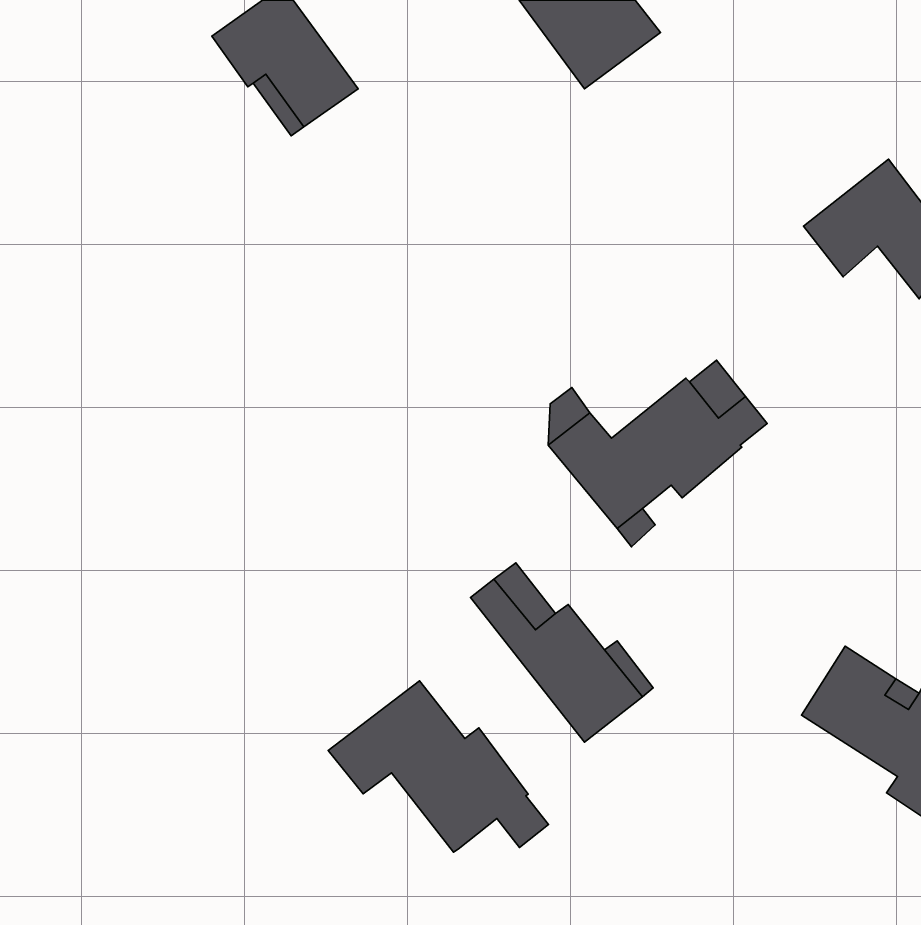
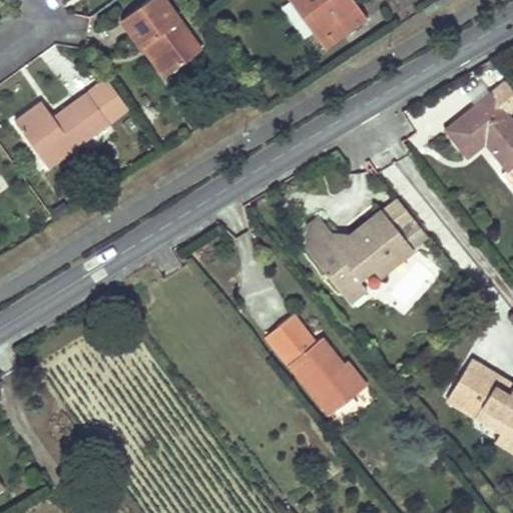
building: none -> [15,83,125,168]
building: [328,681,549,852] -> none

